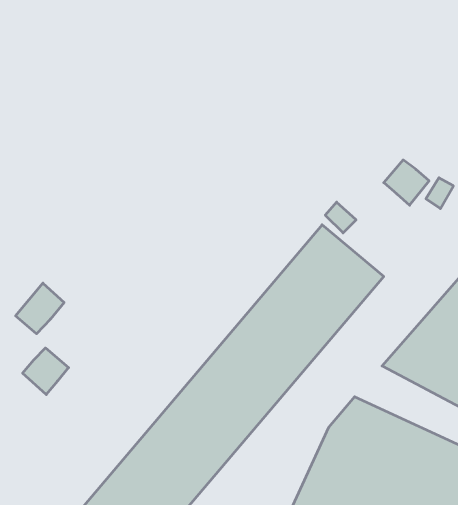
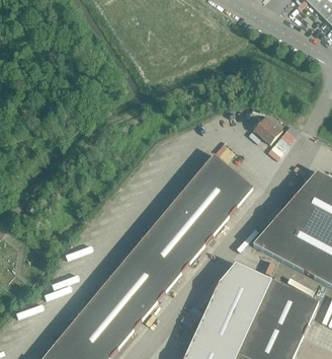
building: [16,283,64,334] -> none
building: [23,348,69,395] -> none

